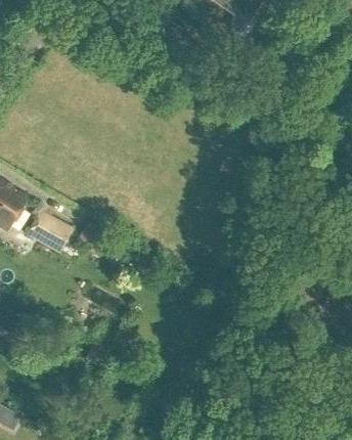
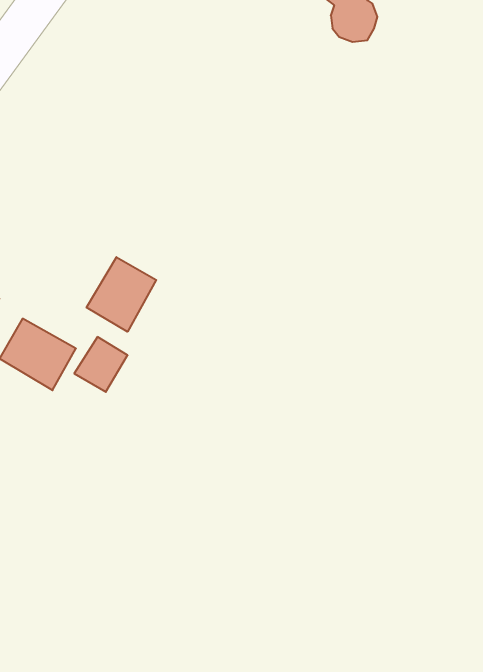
building: none -> [87,257,156,332]

